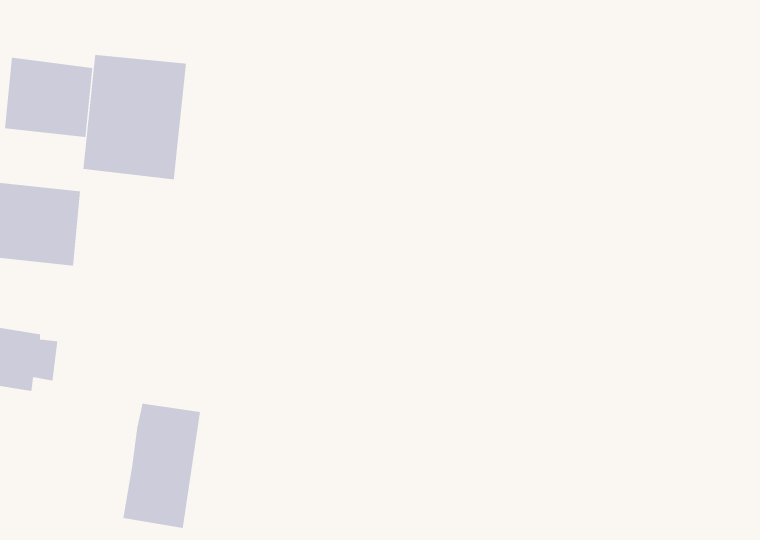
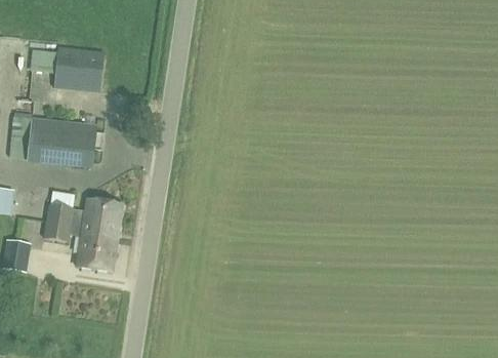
building: [83,54,186,180] -> none
building: [123,403,201,528] -> [76,197,122,271]

